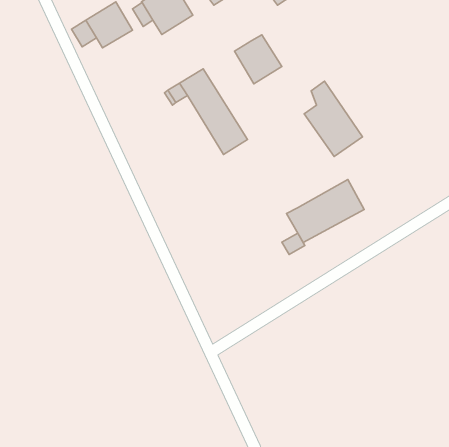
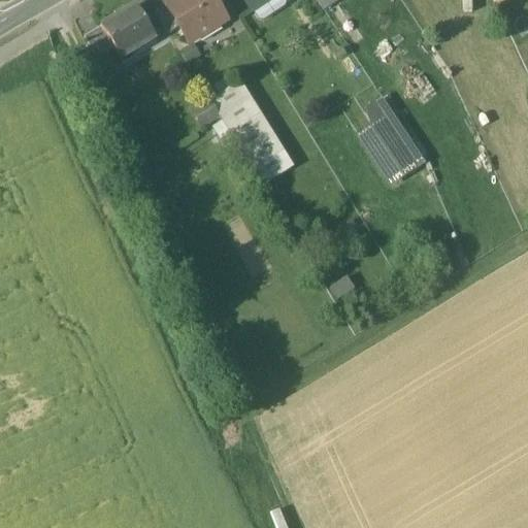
building: [234,35,282,84] -> none
building: [287,180,364,243] -> none

